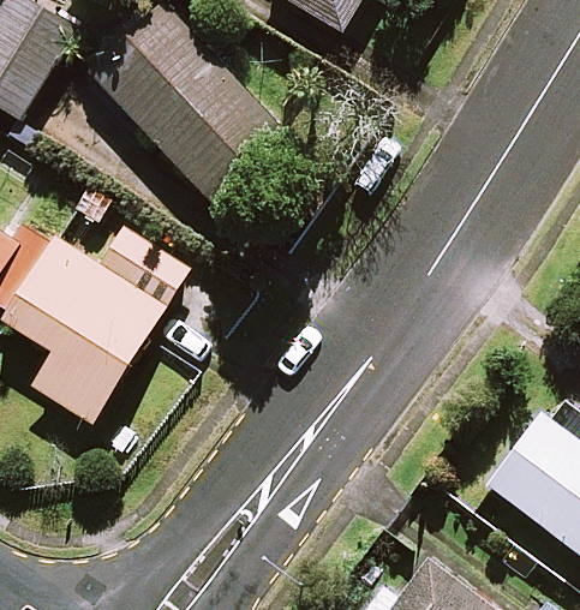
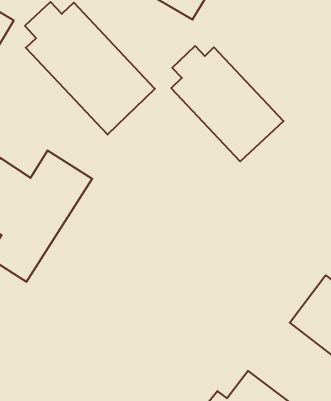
building: none -> [171,46,284,161]

